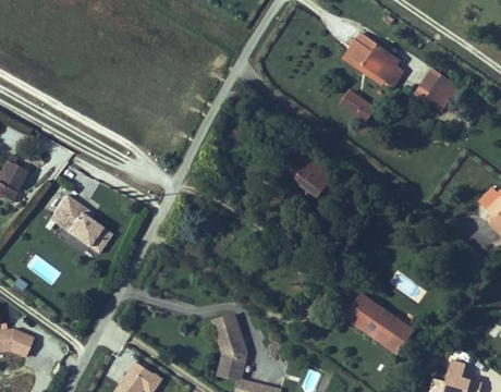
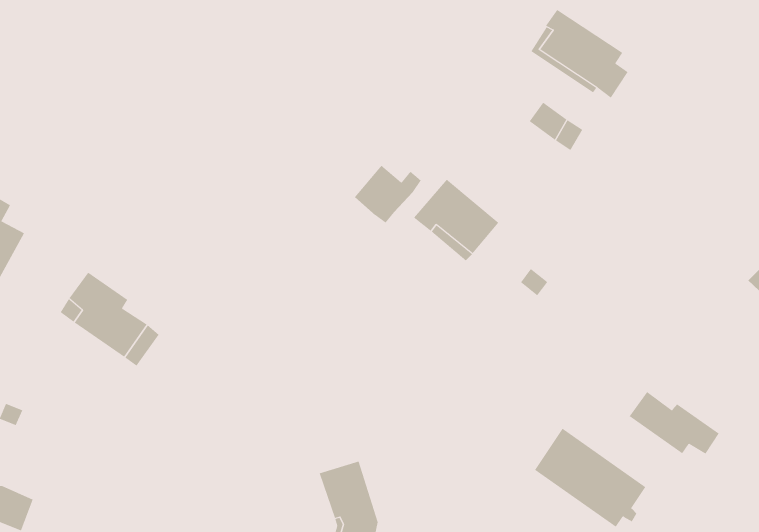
building: [414,68,459,112] -> none
building: none -> [354,165,421,223]
building: none -> [629,391,719,454]

